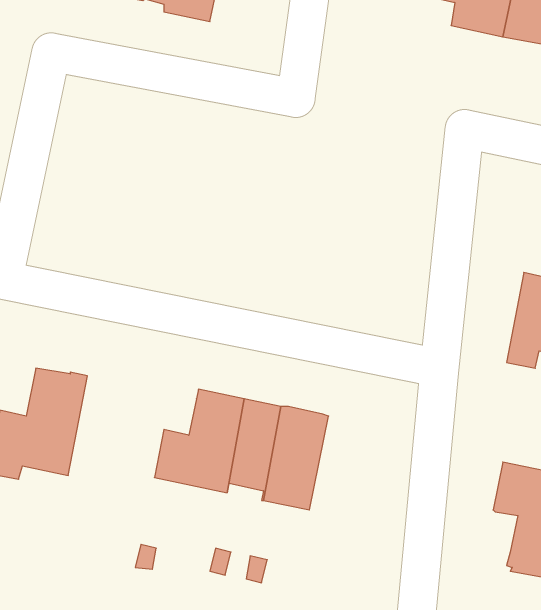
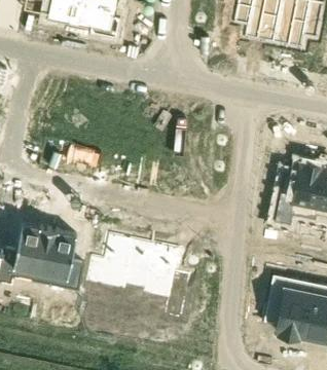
building: none -> [39,227,84,289]

